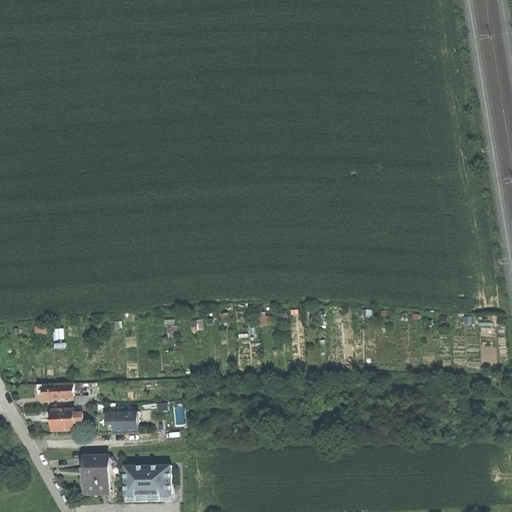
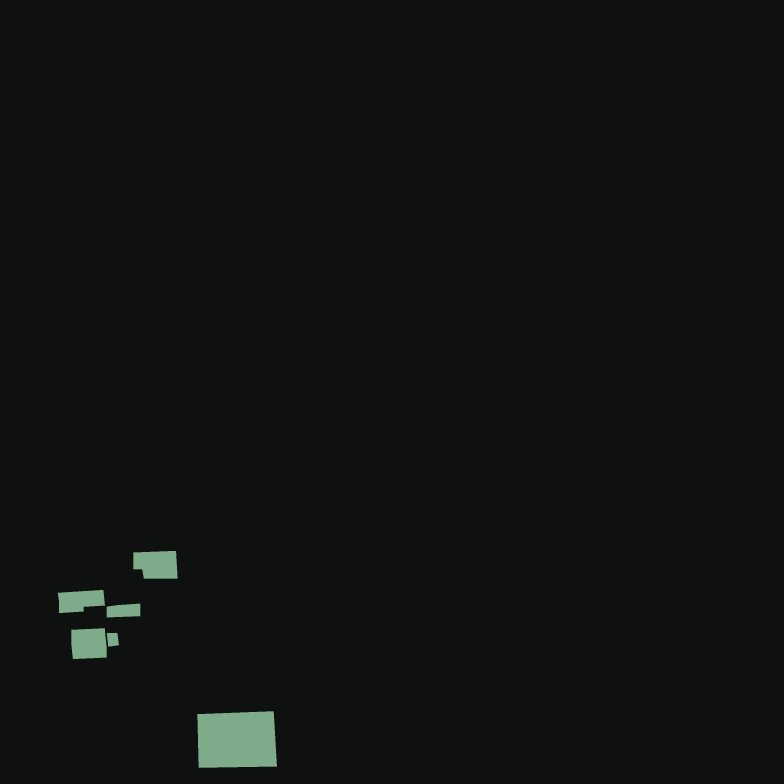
building: [103,410,133,429] -> [132,550,178,579]
building: [80,456,107,493] -> none

